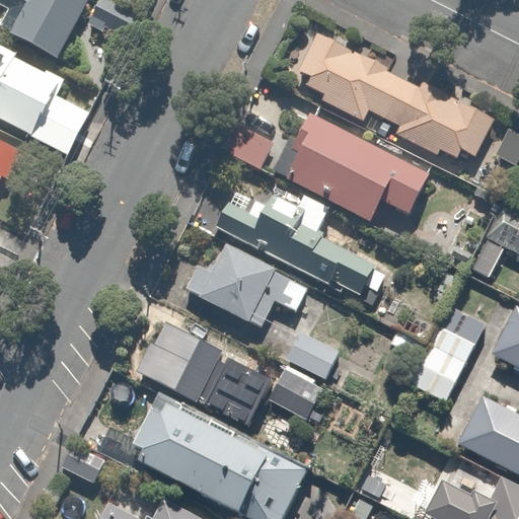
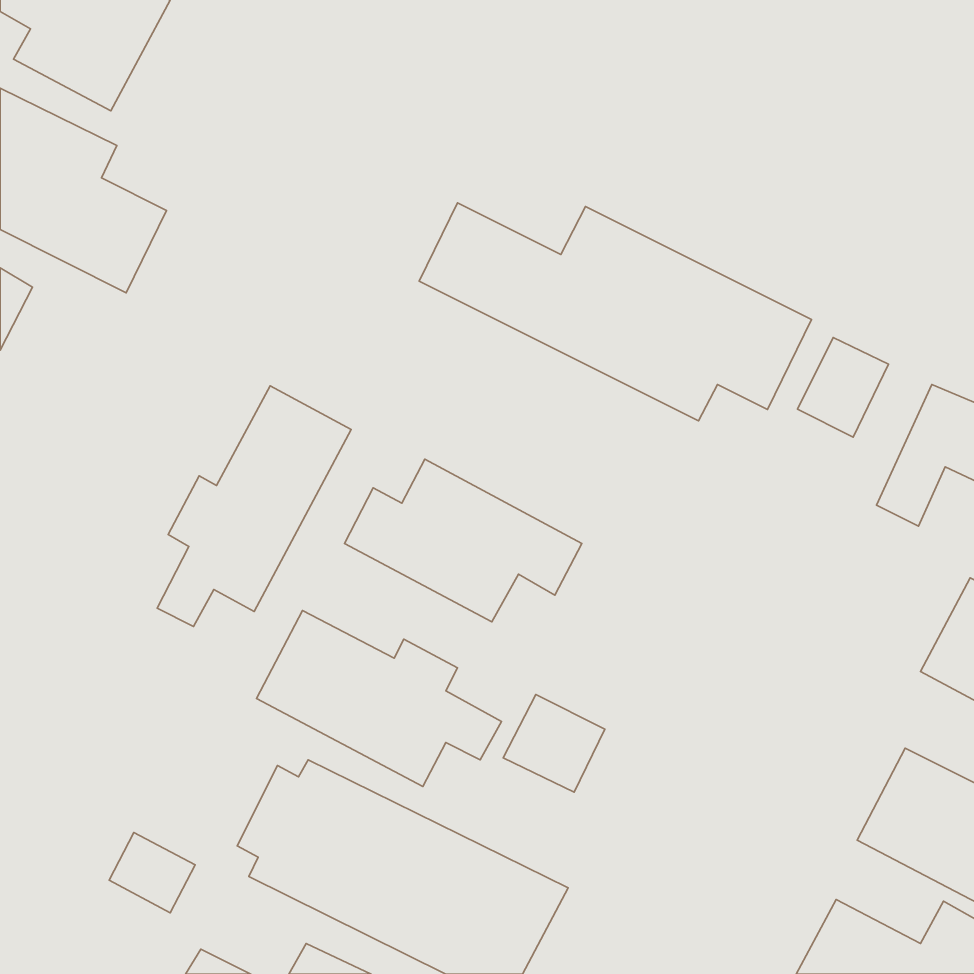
building: [296,31,493,165] -> none
building: none -> [797,338,888,437]
building: [215,189,391,302] -> none
building: none -> [157,386,351,626]
building: [393,307,481,401] -> none
building: [288,328,342,379] -> none

